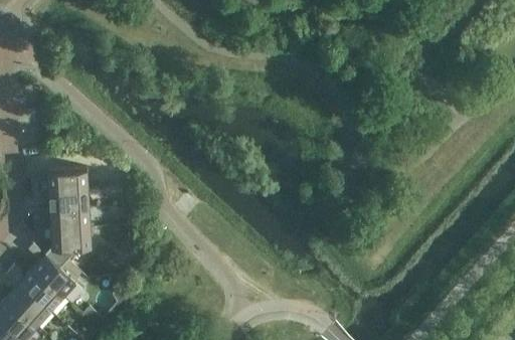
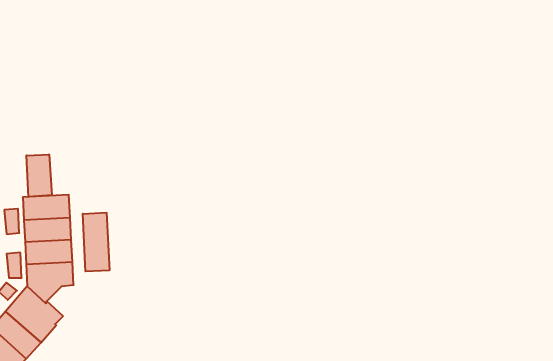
building: none -> [26,154,52,197]
building: none -> [83,213,109,271]

